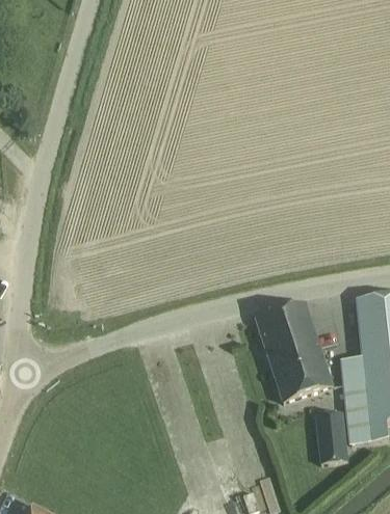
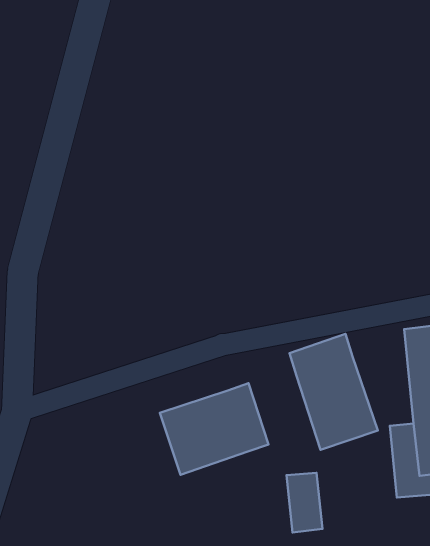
building: none -> [160,383,269,475]
building: [315,411,346,463] -> [287,473,322,533]

